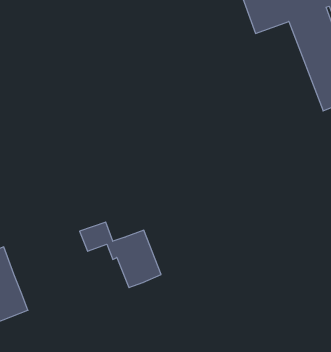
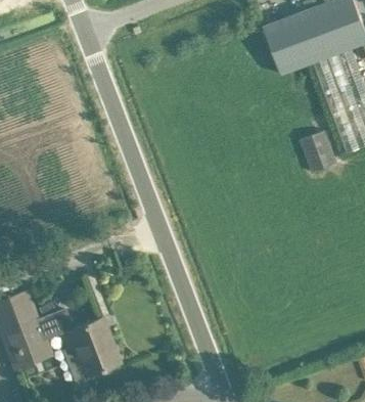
building: none -> [300,130,337,173]
building: [80,222,161,288] -> [36,310,119,376]

